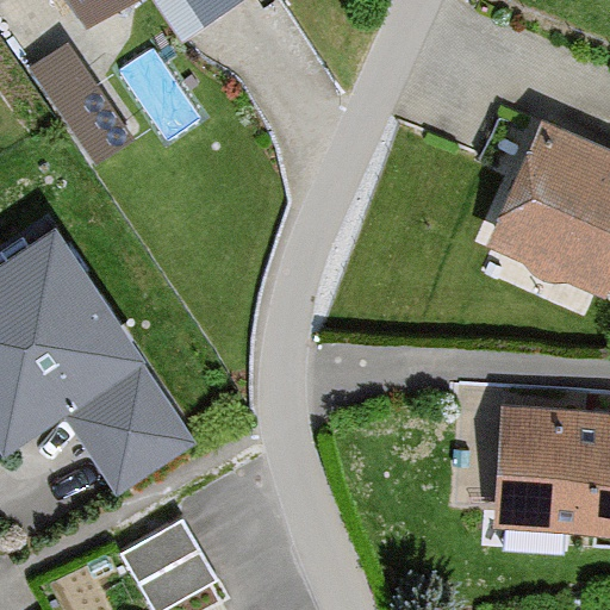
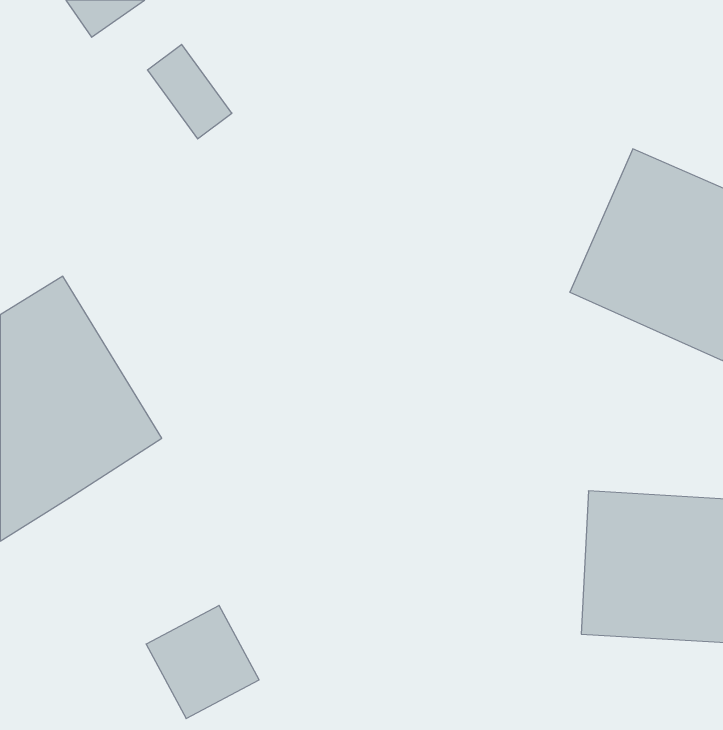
building: [36,43,139,164] -> none
building: [64,366,188,497] -> none

